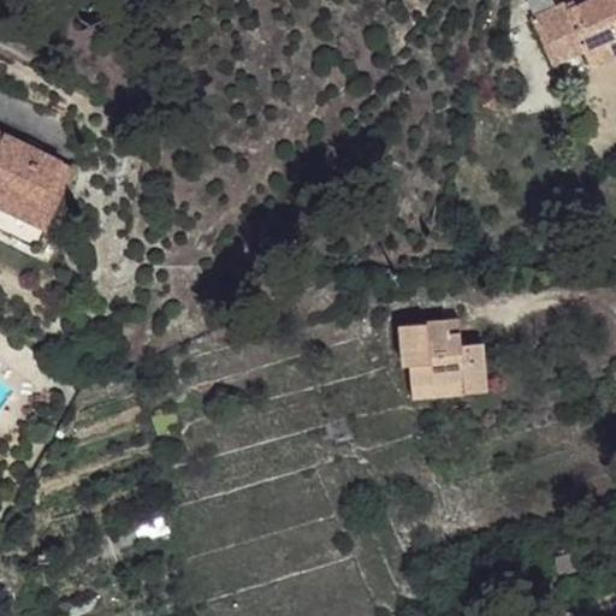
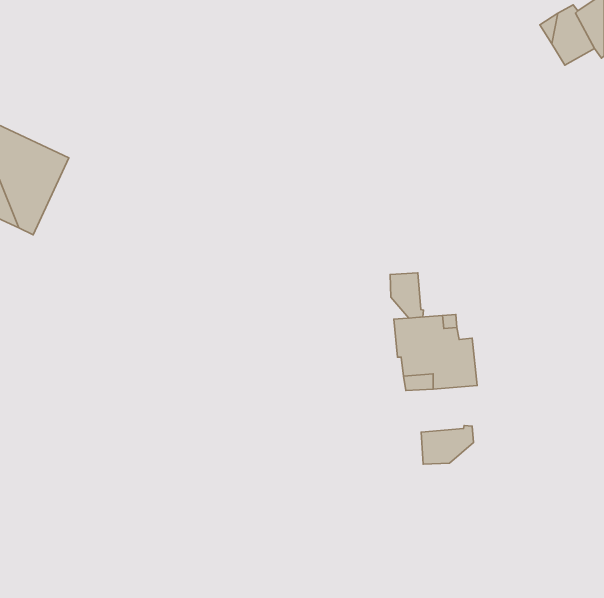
building: none -> [390,273,423,318]
building: none -> [421,426,474,464]

